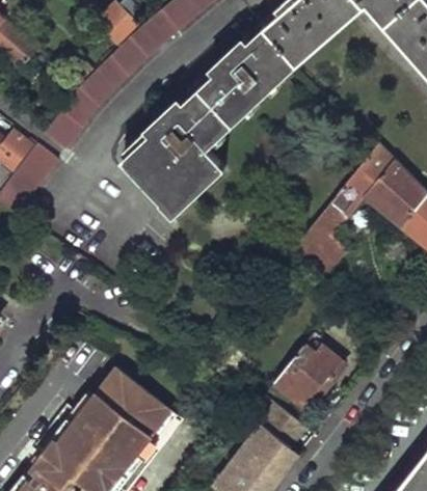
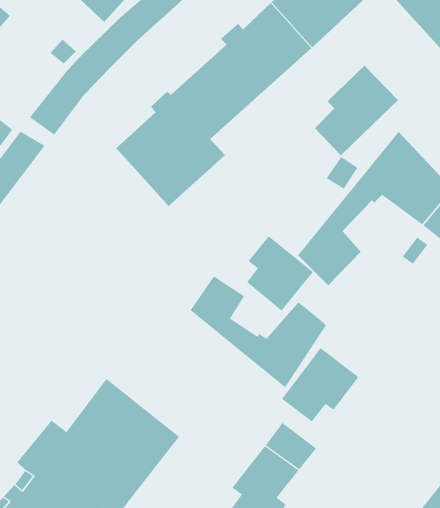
building: none -> [314,65,399,156]
building: none -> [246,235,314,311]
building: none -> [190,276,327,388]

